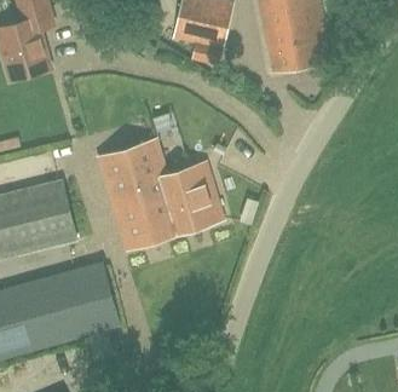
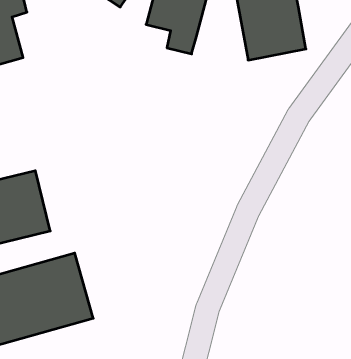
building: [100,140,221,248] -> none

